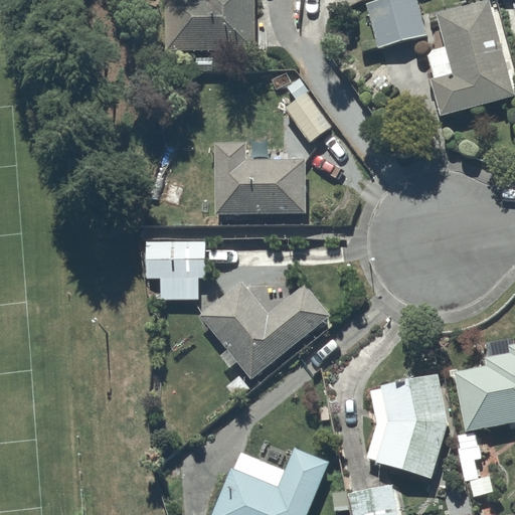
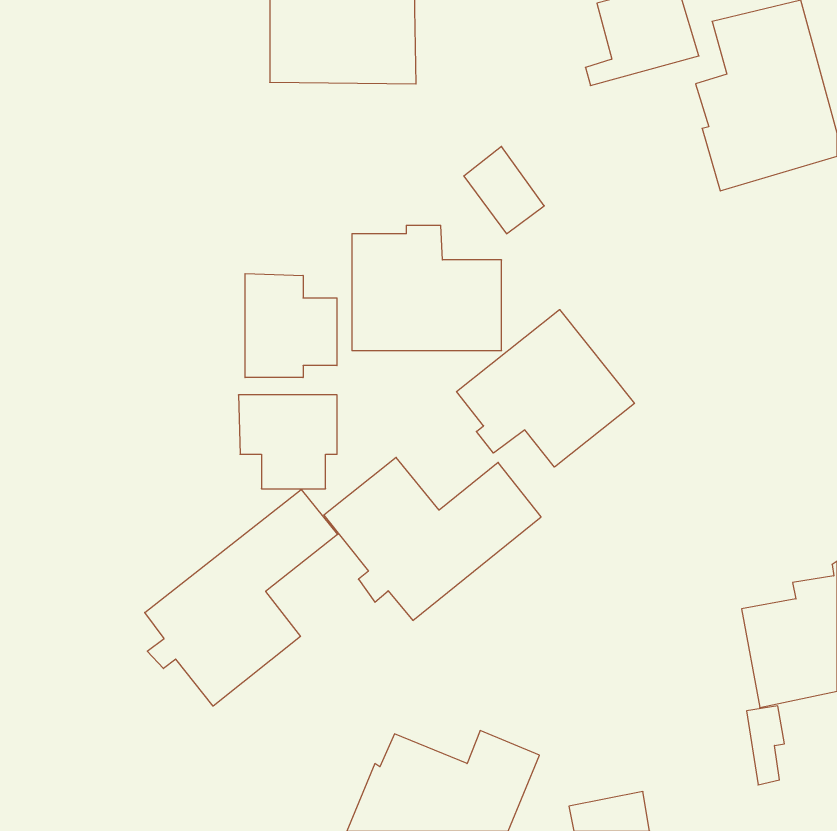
building: none -> [245,274,337,378]
building: none -> [457,310,634,467]
building: none -> [145,489,338,706]
building: [366,374,449,480] -> none

